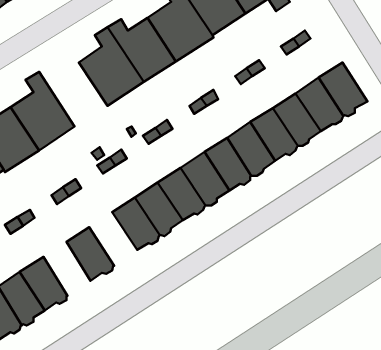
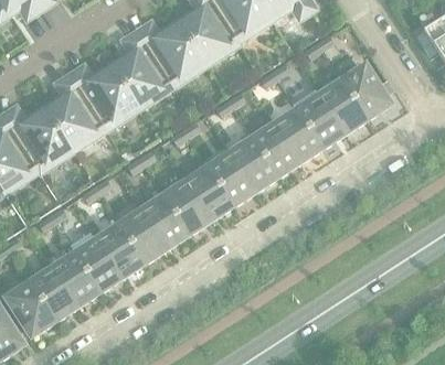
building: none -> [71,65,137,127]
building: none -> [119,210,166,261]
building: none -> [75,238,120,290]

